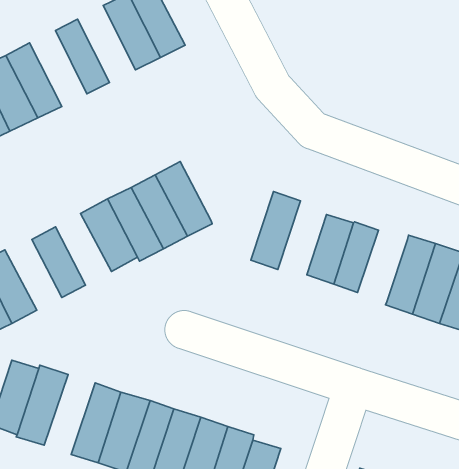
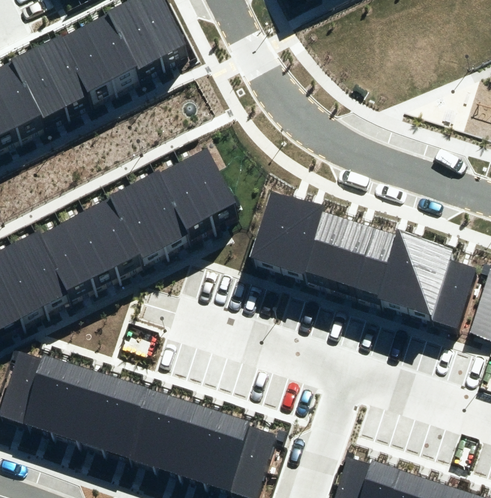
building: none -> [82,11,138,85]
building: none -> [36,35,91,108]
building: none -> [181,148,236,218]
building: none -> [275,198,324,274]
building: none -> [61,211,115,280]
building: none -> [352,227,400,296]
building: none -> [12,233,67,304]
building: none -> [50,366,99,443]

